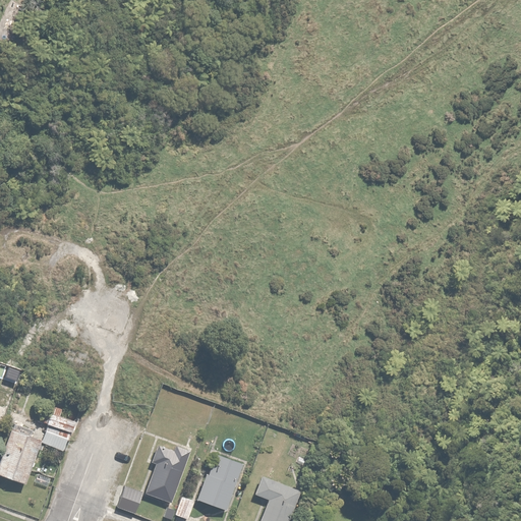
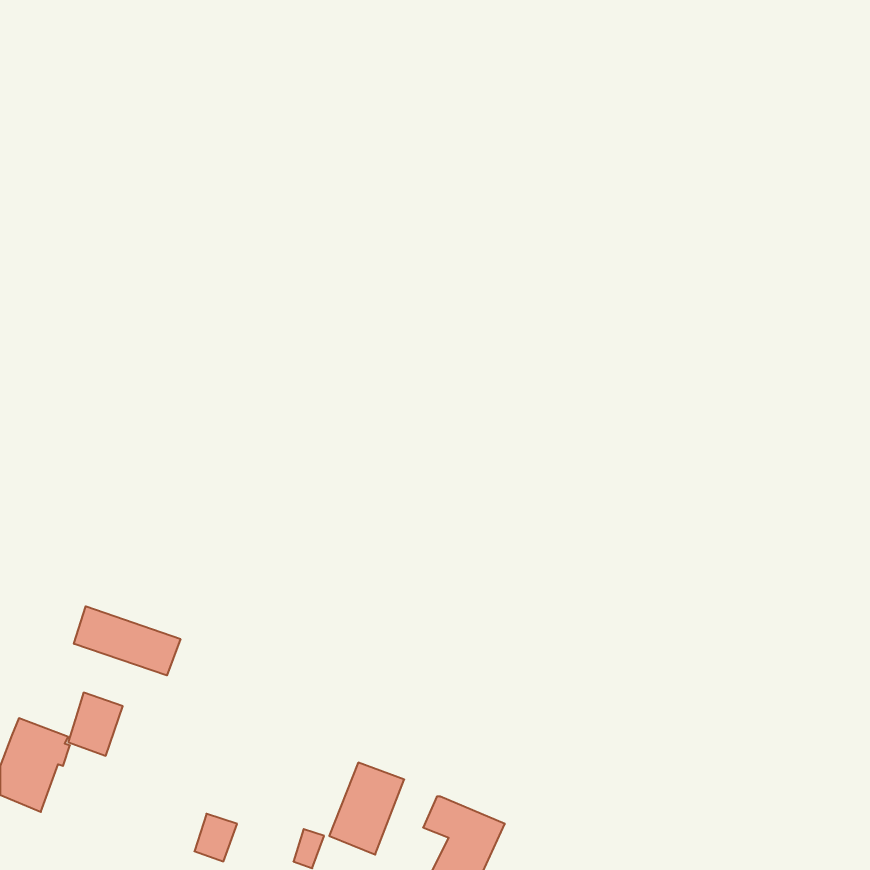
building: none -> [74,606,180,675]
building: [144,446,189,503] -> none

